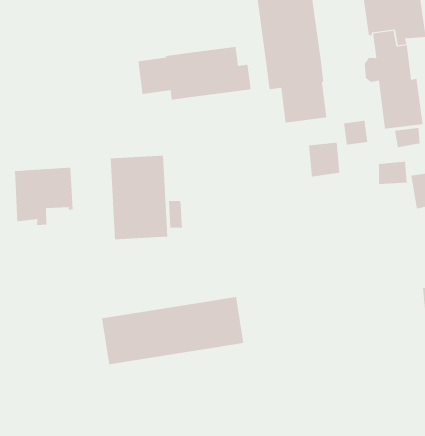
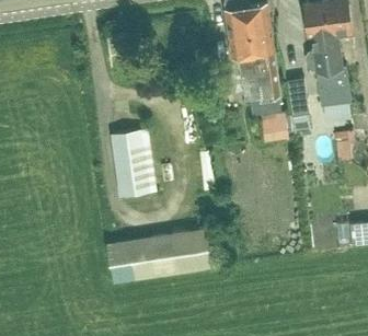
building: [138,46,251,100] -> none
building: [14,167,73,226] -> none

